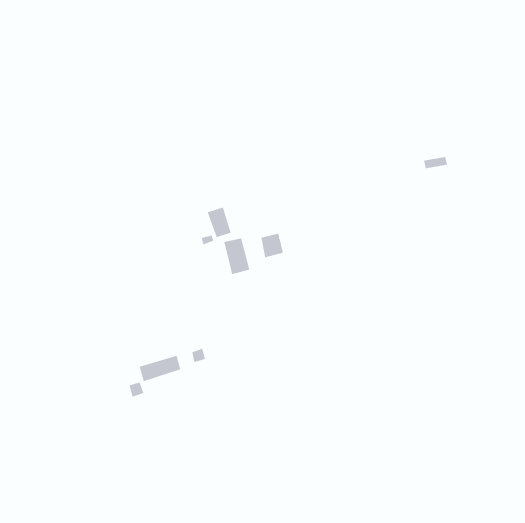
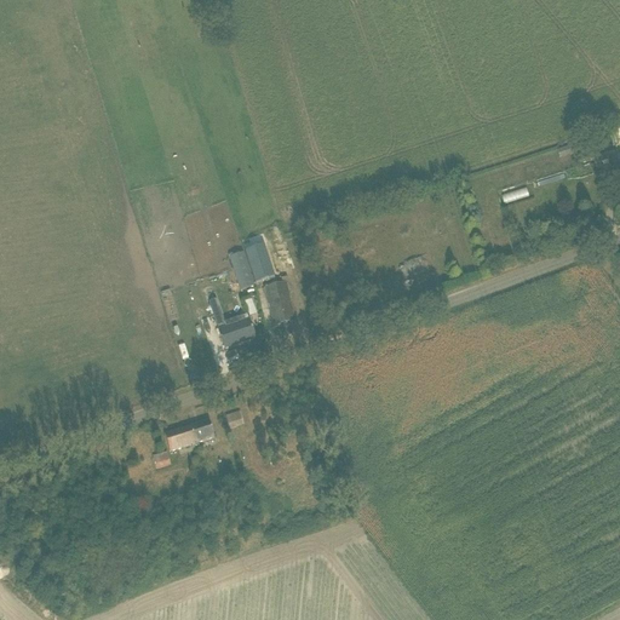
building: [261,233,284,258] -> none
building: none -> [218,314,254,346]

